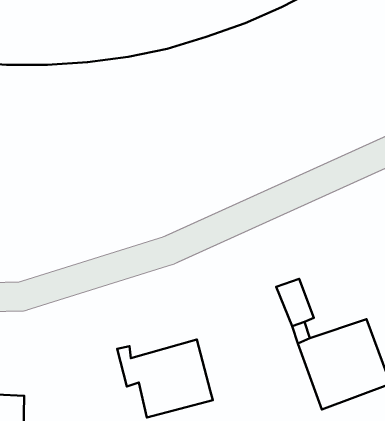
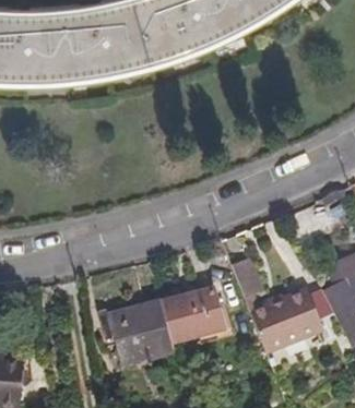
building: none -> [165,291,229,346]

